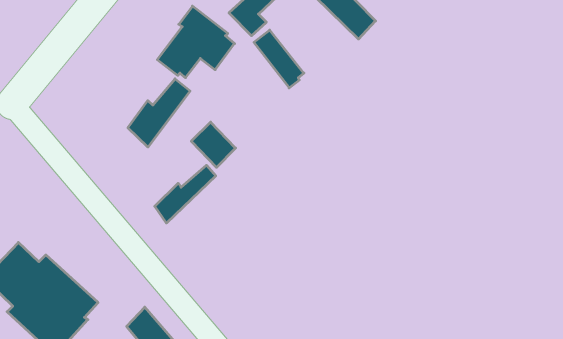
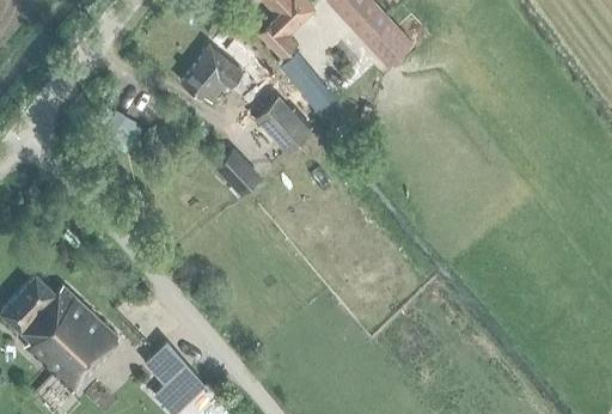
building: none -> [256,96,313,153]
building: [128,79,190,147] -> none
building: [155,165,216,223] -> none

